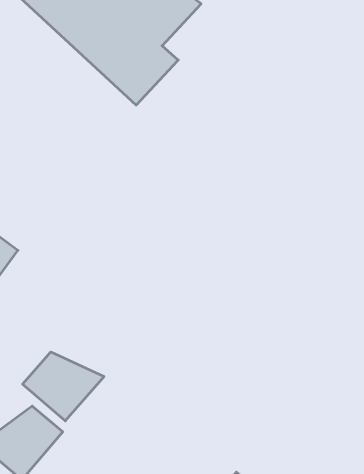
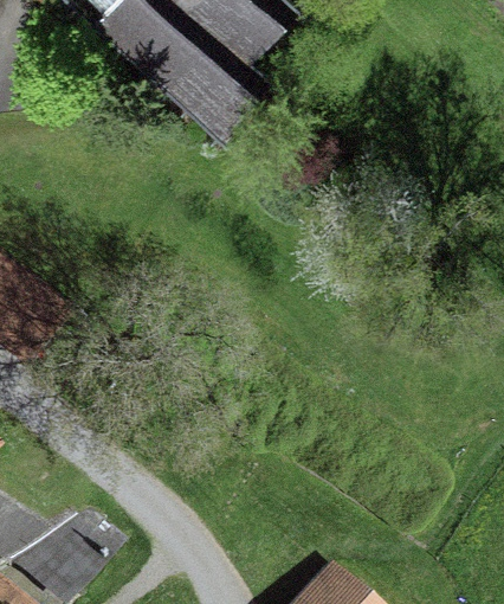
building: [23,352,104,421] -> none

